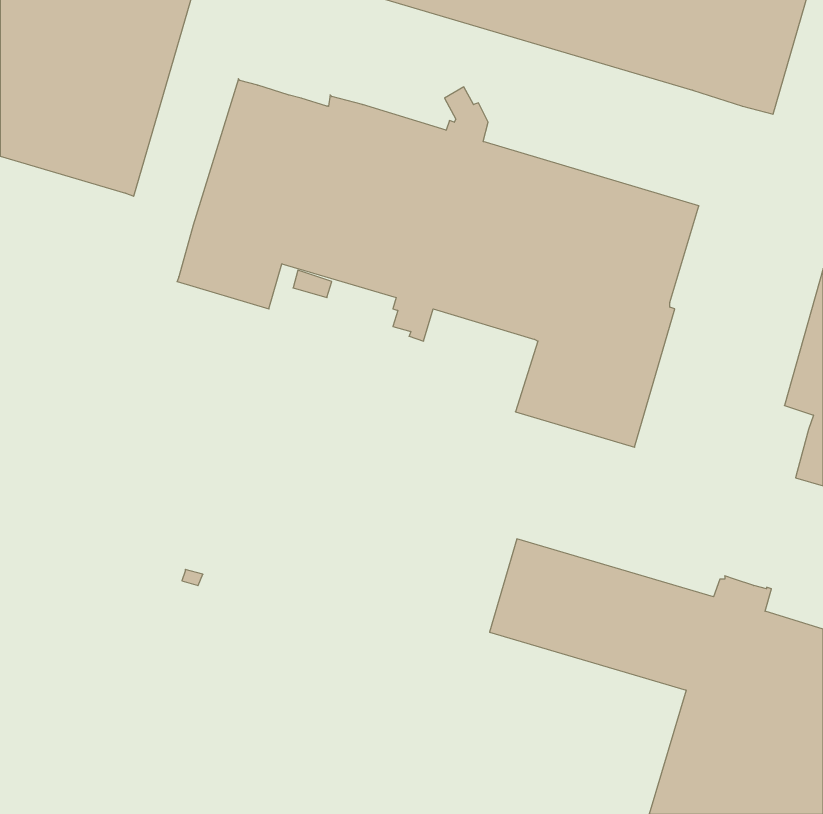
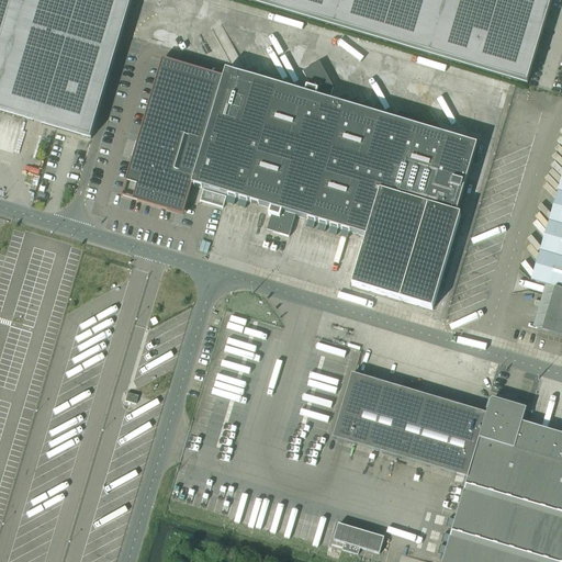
building: none -> [334,519,384,550]

